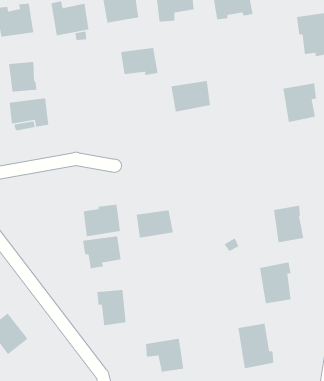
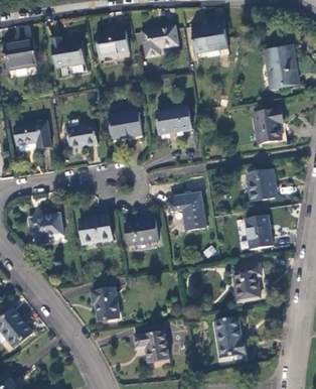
building: [120,47,158,76] -> [108,112,141,137]
building: [8,61,38,92] -> none
building: none -> [66,124,97,148]
building: none -> [246,169,275,203]
building: none -> [169,193,205,231]
building: [82,236,121,269] -> [28,214,62,243]

